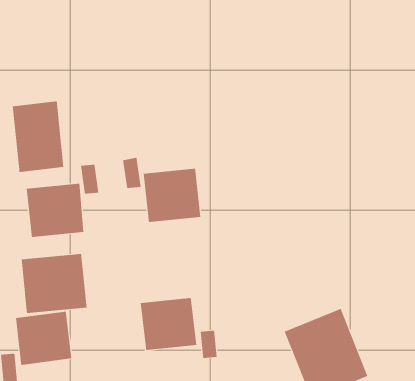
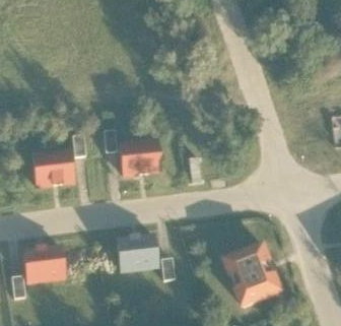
building: [12,100,64,173] -> none
building: [21,253,87,314] -> none

